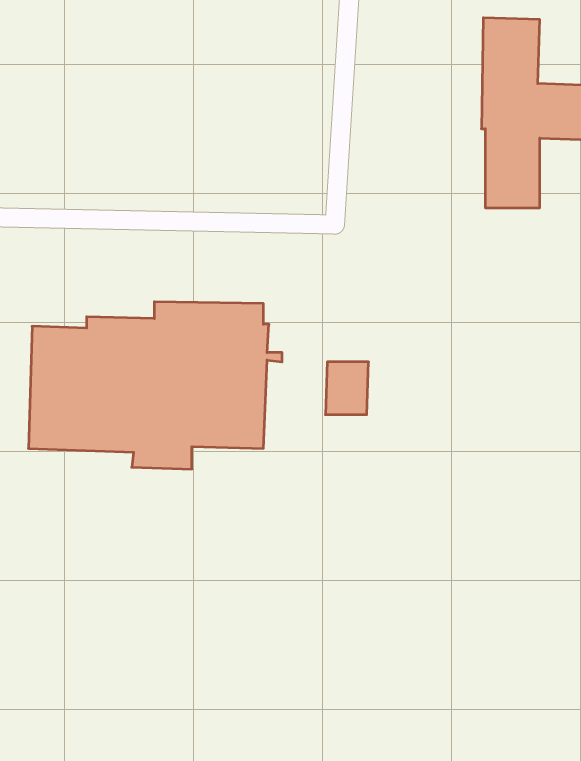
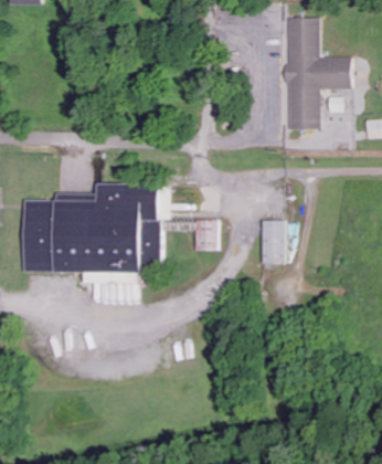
building: none -> [261,220,284,264]

